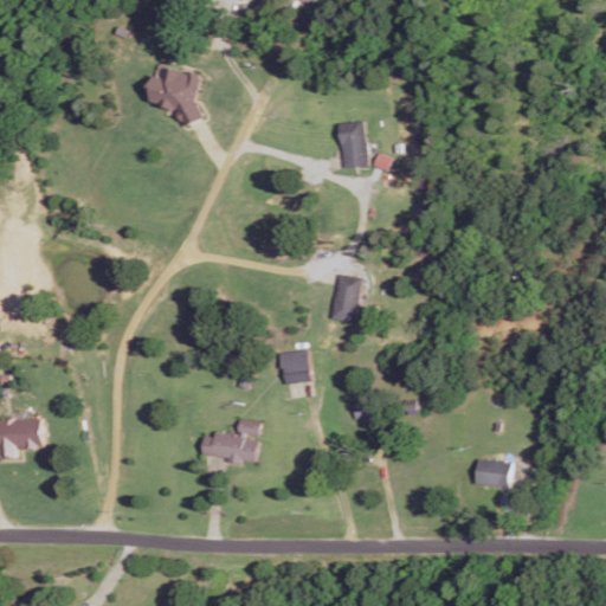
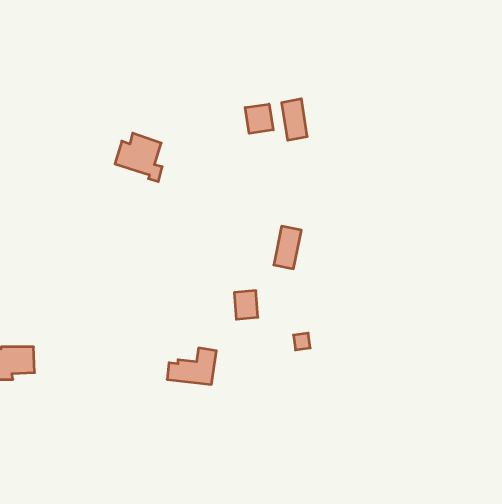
building: [144,65,201,123] -> [115,133,162,182]
building: none -> [245,104,273,133]
building: [475,457,512,488] -> none

